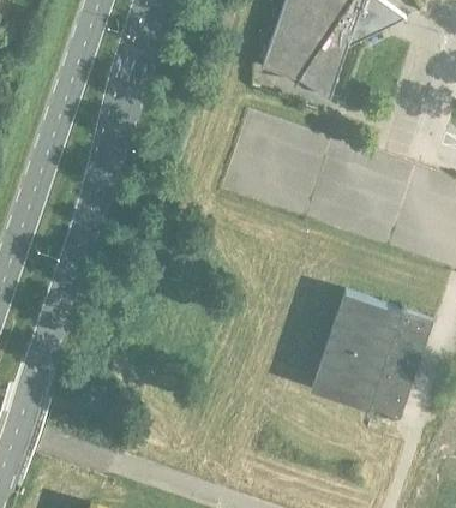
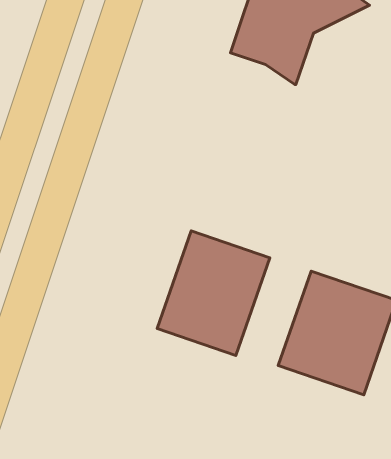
building: none -> [157,231,270,355]

